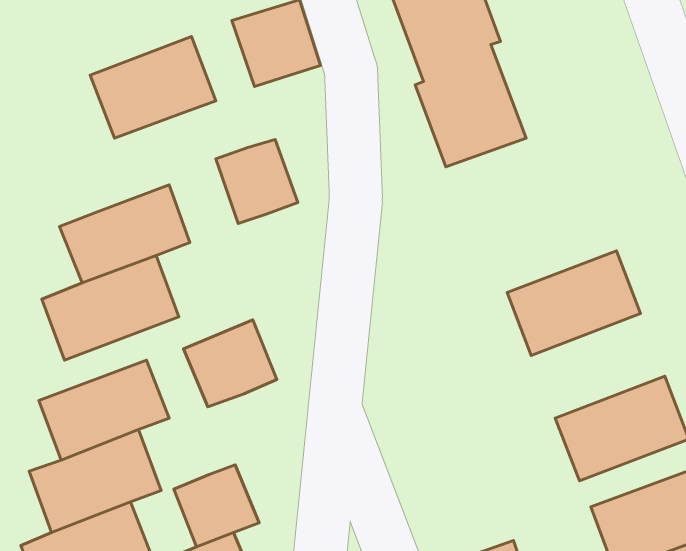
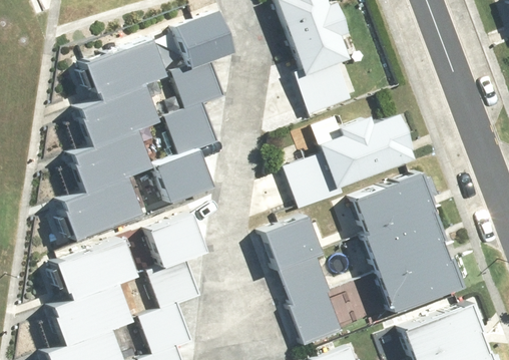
building: none -> [175,59,223,104]
building: none -> [78,83,158,144]
building: none -> [287,121,411,210]
building: none -> [155,145,212,202]
building: none -> [363,208,446,273]
building: none -> [259,219,343,349]
building: none -> [147,258,197,308]

